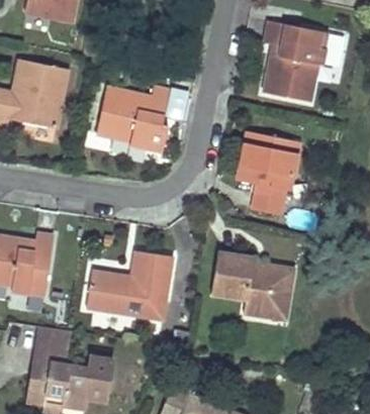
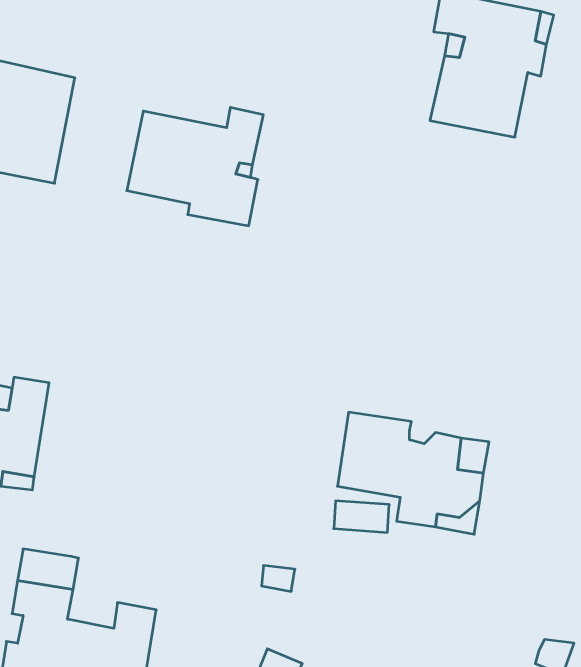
building: [235,132,301,215] -> none
building: [86,250,171,319] -> none

